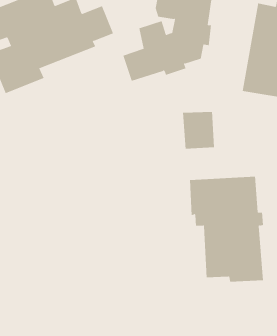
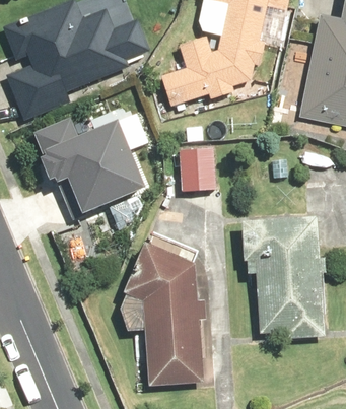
building: none -> [32,112,150,213]
building: [182,111,215,149] -> [180,147,217,191]
building: none -> [121,242,208,387]

